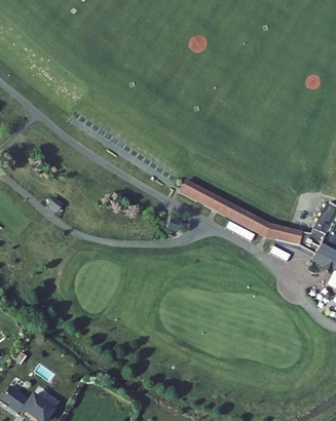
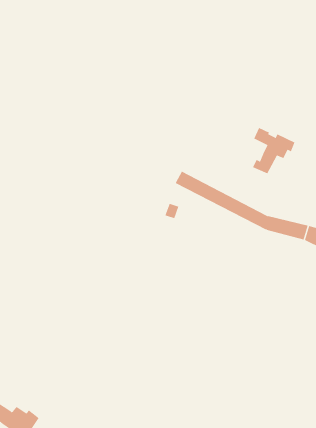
building: none -> [252,127,295,174]

